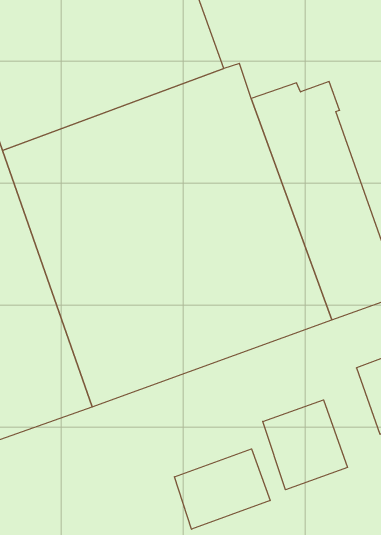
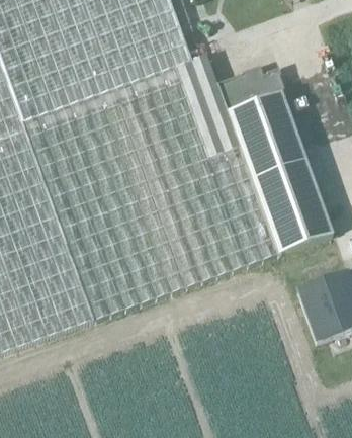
building: [263,400,347,490] -> none
building: [174,449,270,529] -> none

